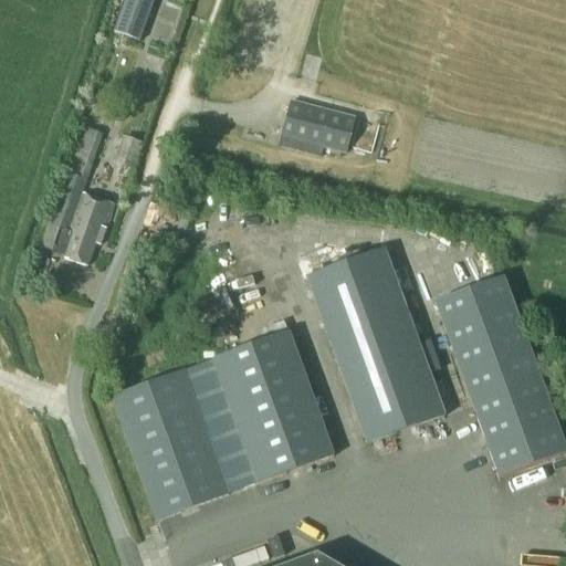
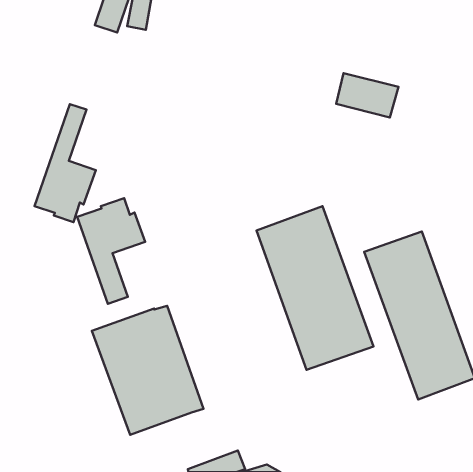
building: [283,98,357,151] -> [336,73,398,118]
building: none -> [77,198,145,304]
building: [201,328,335,486] -> none

